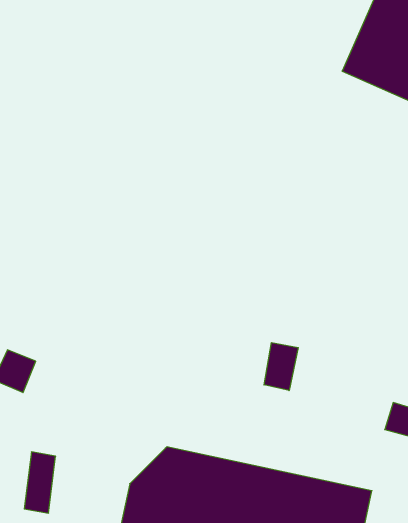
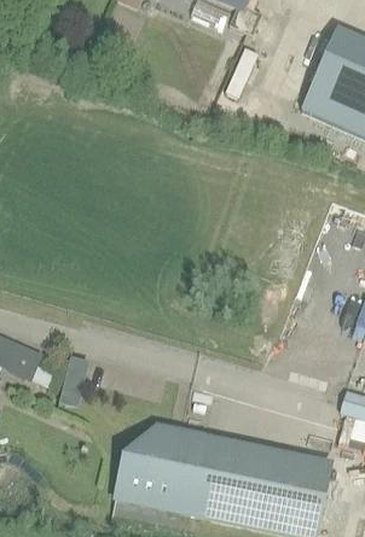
building: [264,343,298,391] -> none
building: [24,452,56,513] -> [63,352,89,404]

